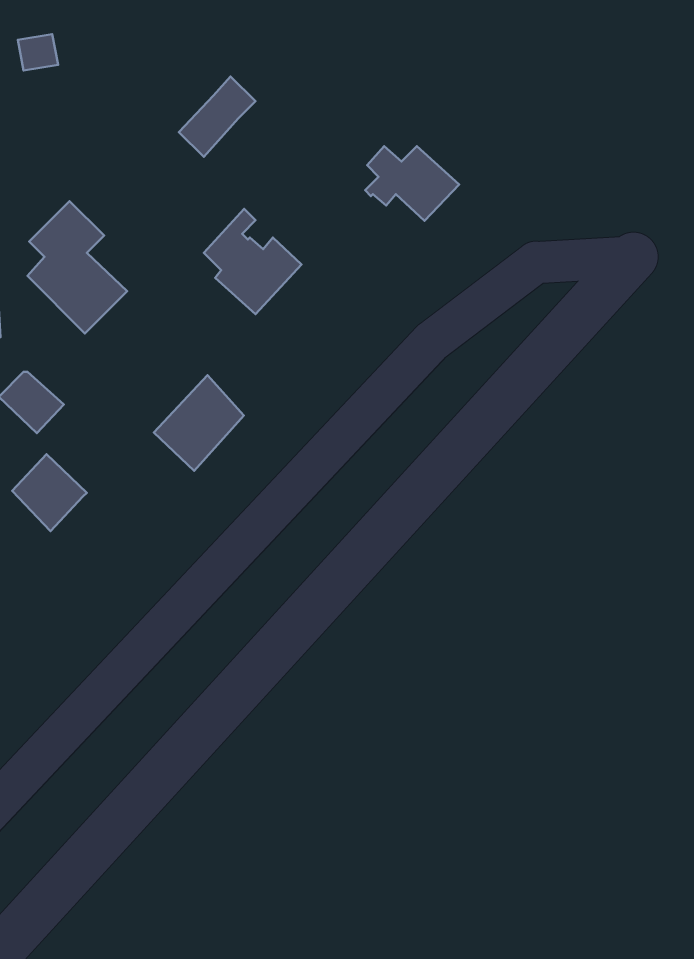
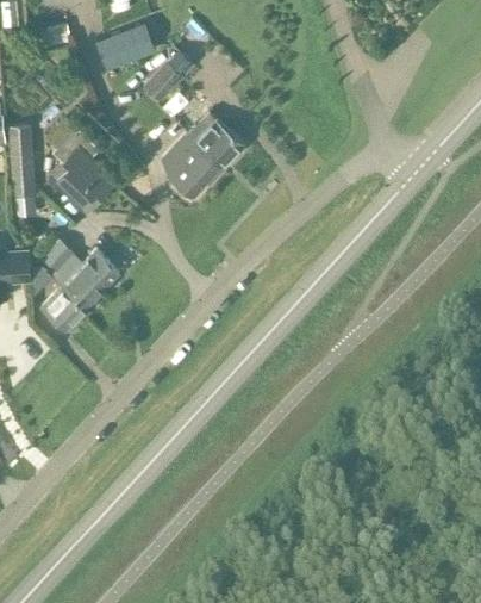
building: none -> [96,23,155,70]
building: [365,146,459,221] -> [183,120,242,167]
building: [154,375,244,471] -> [62,249,118,309]

